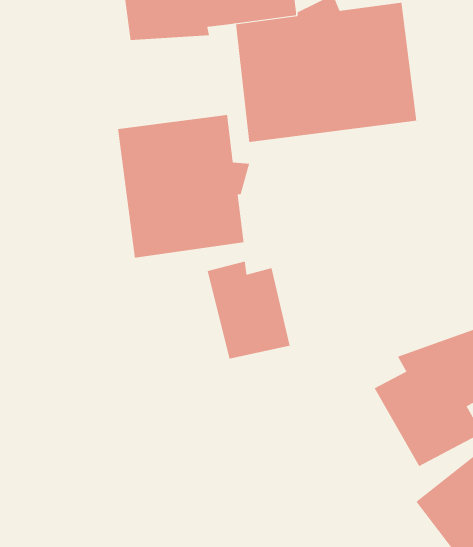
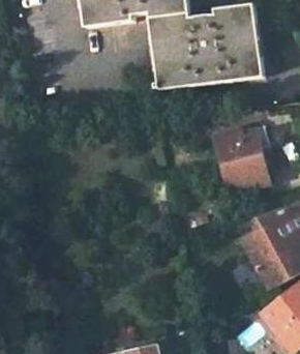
building: [118,114,250,259] -> none
building: [207,261,291,359] -> [215,128,267,189]

